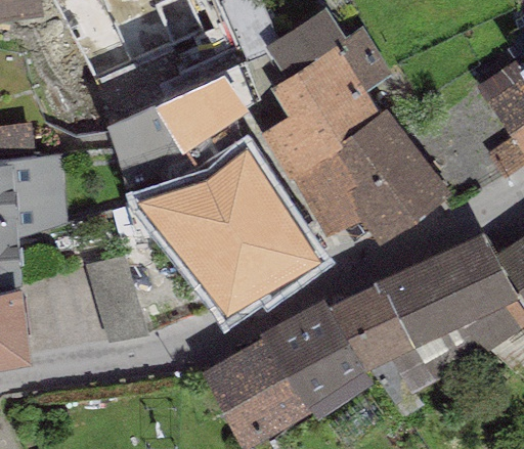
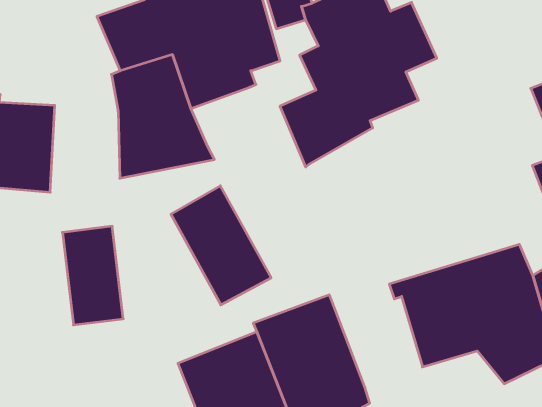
building: [290,110,449,249] -> none
building: [180,123,321,290] -> none
building: [329,279,413,372] -> none

